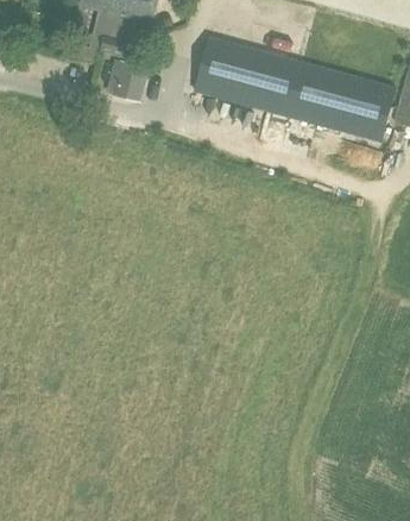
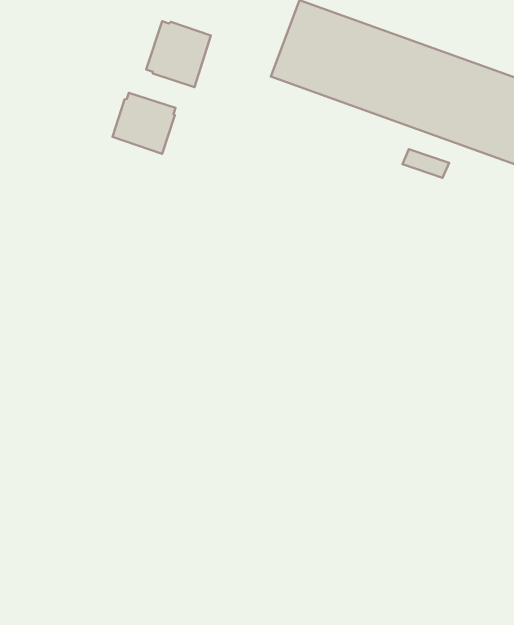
building: none -> [113,93,175,154]

